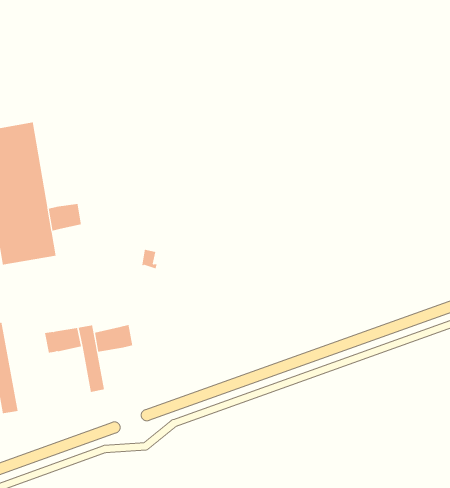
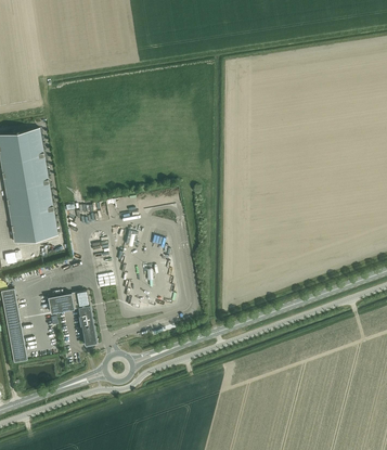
building: [48,203,81,232] -> none
building: [94,324,133,352] -> none

